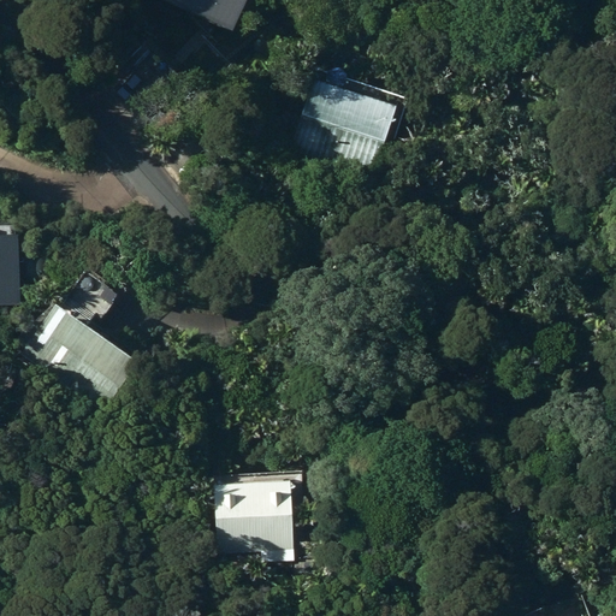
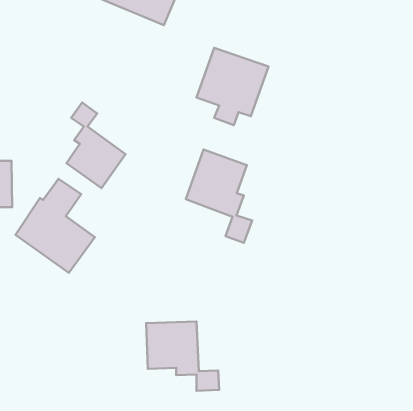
building: none -> [66,103,125,188]
building: none -> [186,150,252,243]

